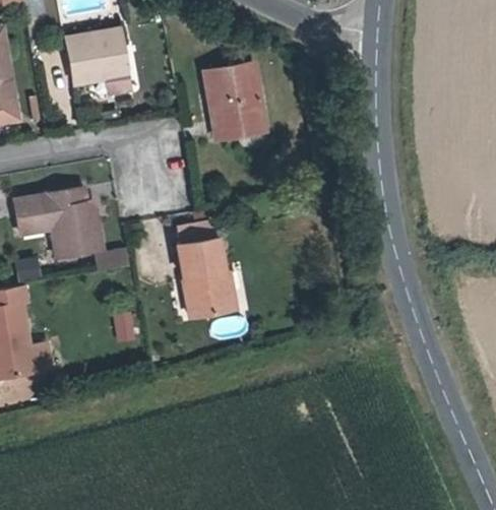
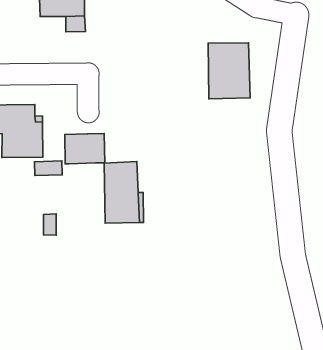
building: [203,64,263,138] -> [208,43,250,99]
building: none -> [65,133,105,164]

